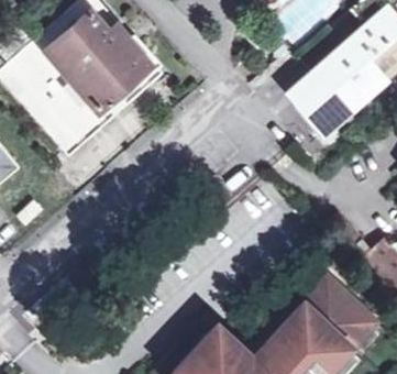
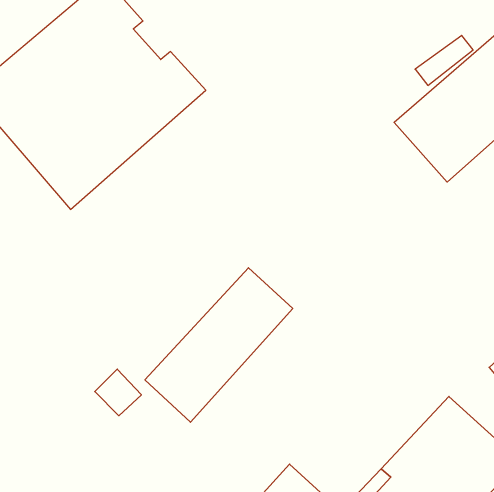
building: none -> [145,268,293,422]

